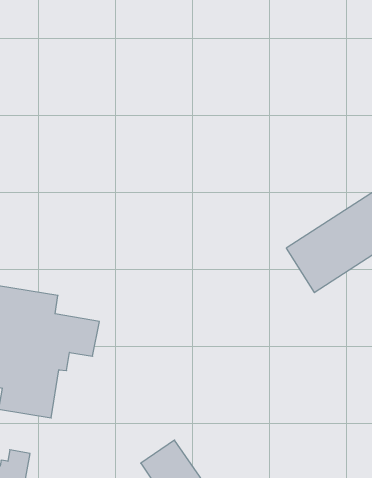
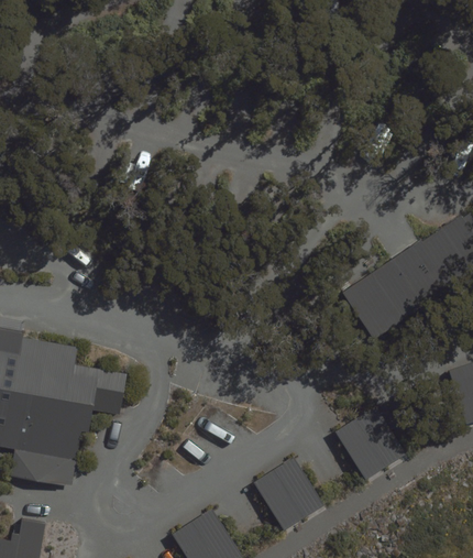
building: none -> [336,408,406,480]
building: none -> [253,457,322,528]

